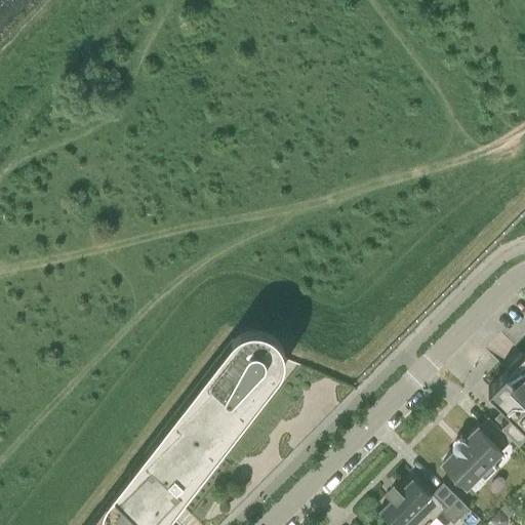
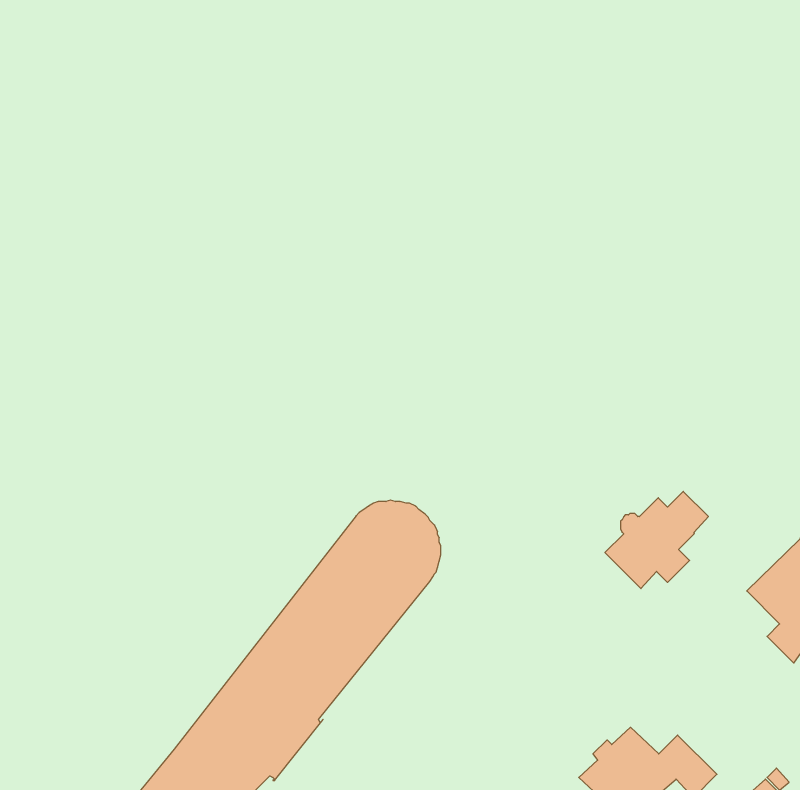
building: [444,429,512,492] -> [605,491,708,589]

